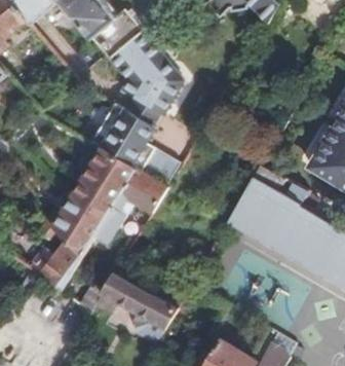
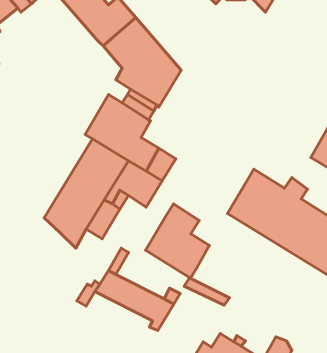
building: none -> [145,204,209,278]
building: [40,240,80,291] -> none

